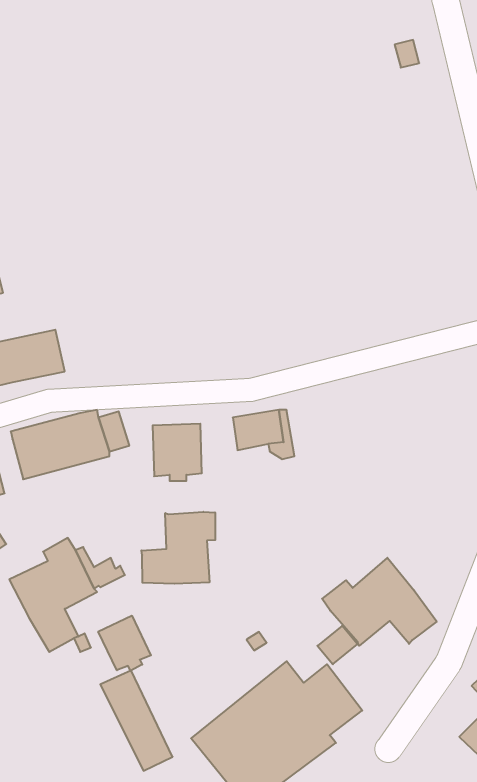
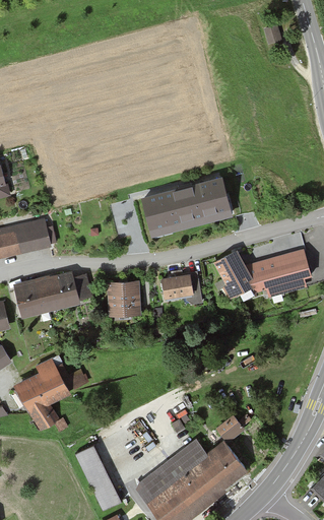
building: none -> [141,176,233,238]
building: none -> [213,250,311,300]
building: [141,512,215,584] -> none
building: [322,558,437,646] -> none
building: [98,616,151,671] -> none

